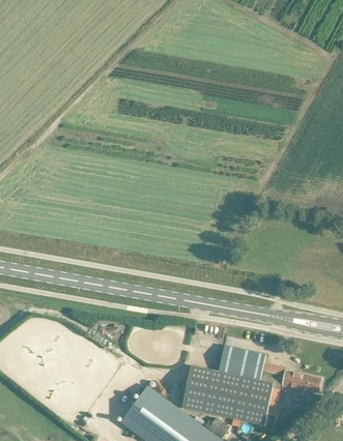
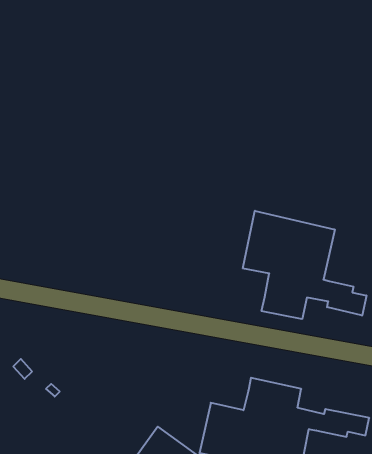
building: none -> [243,211,366,319]

